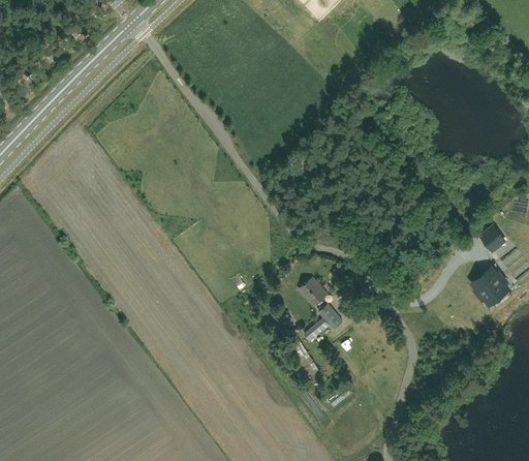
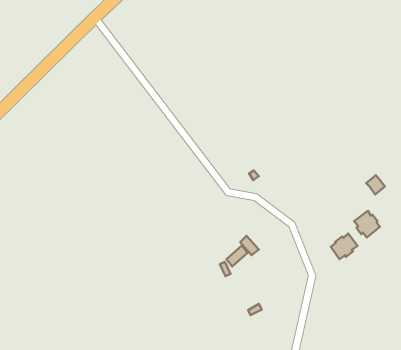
building: [300,276,329,305] -> none
building: none -> [331,234,357,259]

